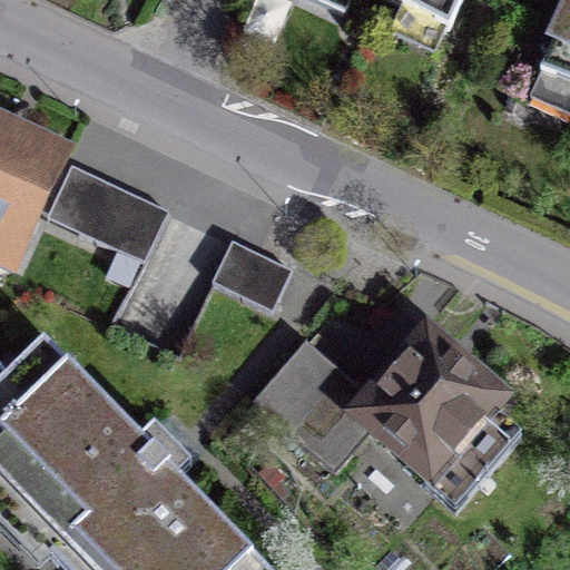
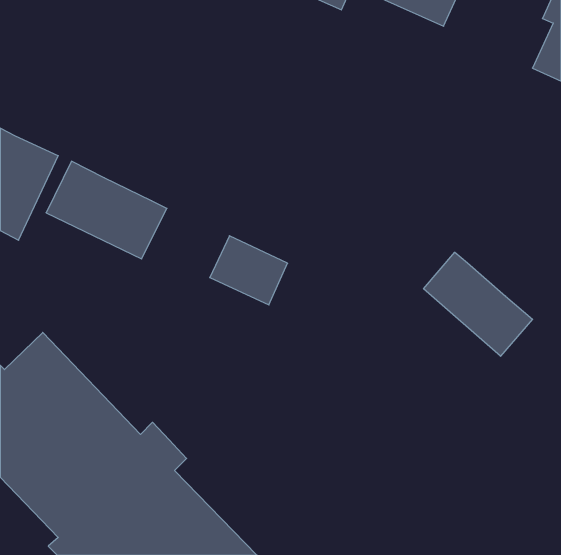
building: none -> [424,252,533,356]
building: [255,338,521,511] -> none

